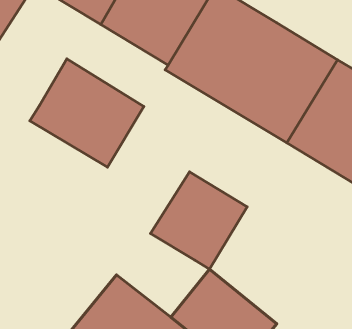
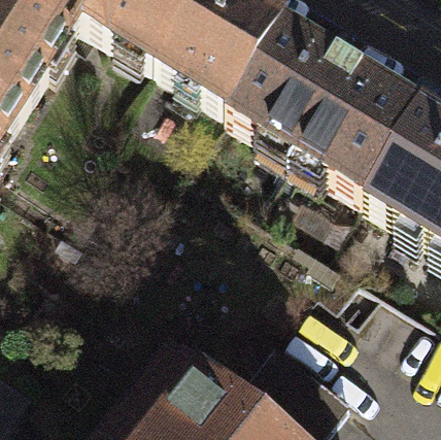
building: [30,59,144,167] -> none
building: [151,172,247,269] -> none

